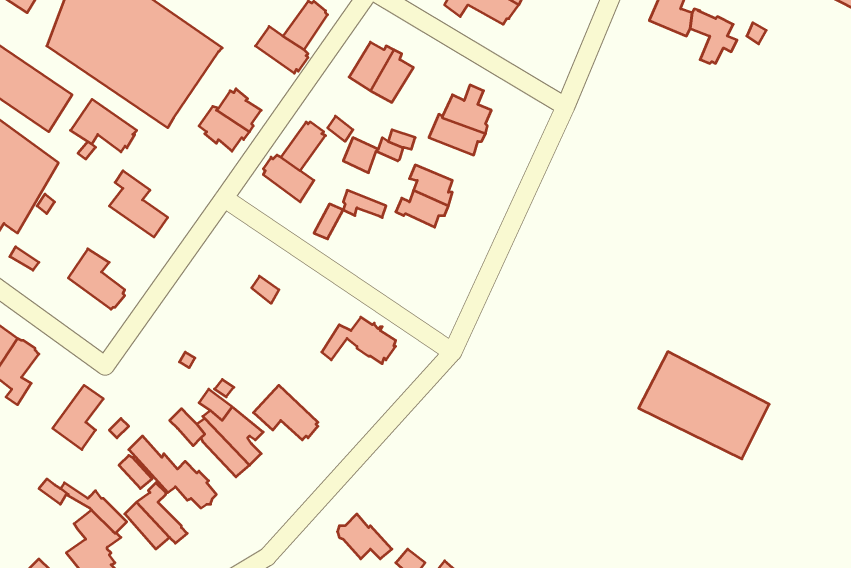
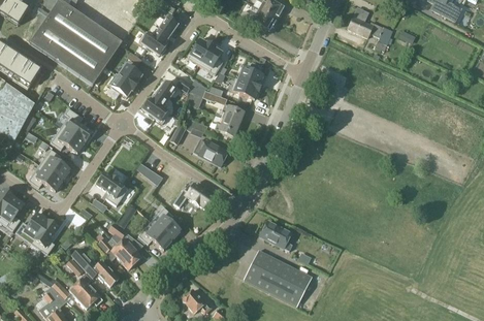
building: [70,99,137,152] -> [51,126,86,154]
building: none -> [193,138,228,165]
building: none -> [29,164,63,191]
building: none -> [97,172,128,205]
building: [639,352,769,459] -> [244,250,313,307]
building: none -> [152,207,182,240]
building: none -> [17,213,49,244]
building: none -> [260,220,292,250]

